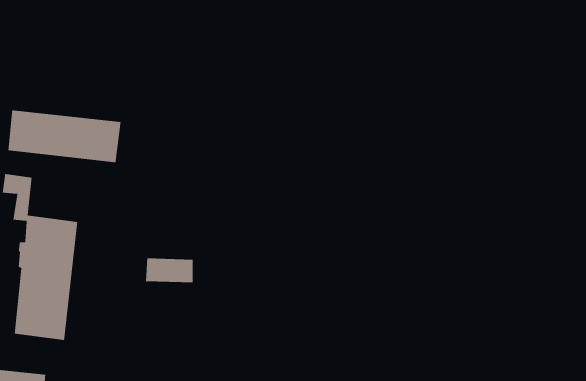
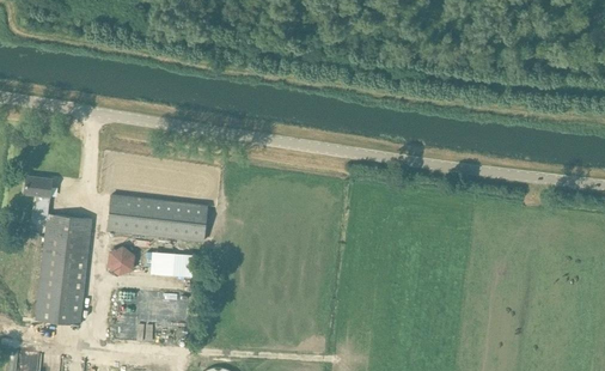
building: [7,109,122,163] -> [106,194,208,242]
building: none -> [109,248,136,273]

